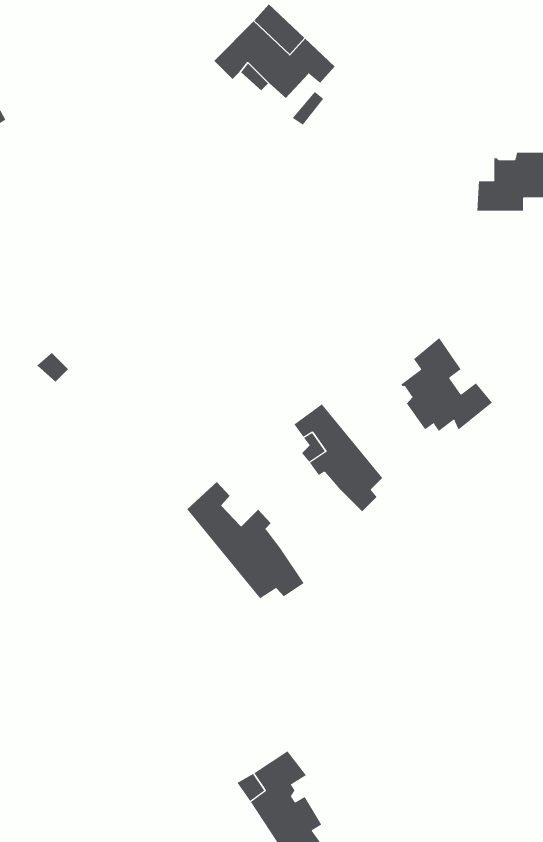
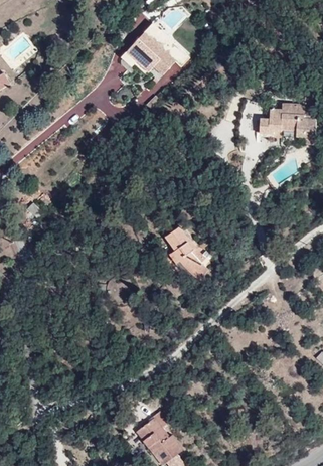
building: [400,337,493,432] -> none
building: [187,481,305,599] -> none

